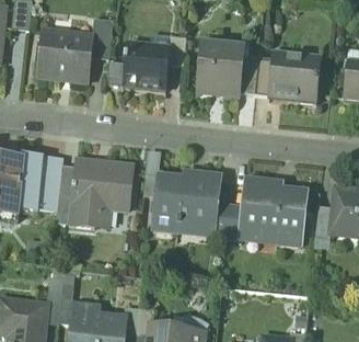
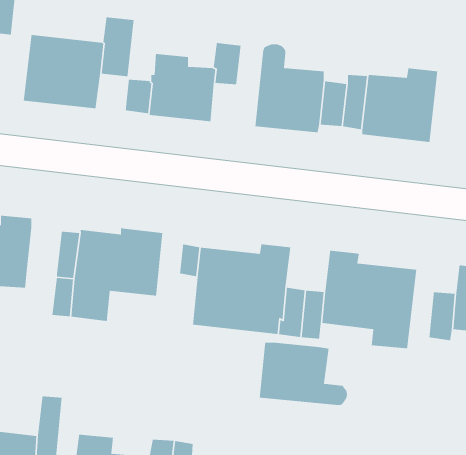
building: [39,161,62,193] -> none
building: none -> [259,342,348,406]

